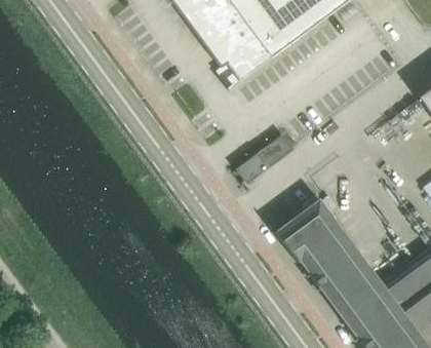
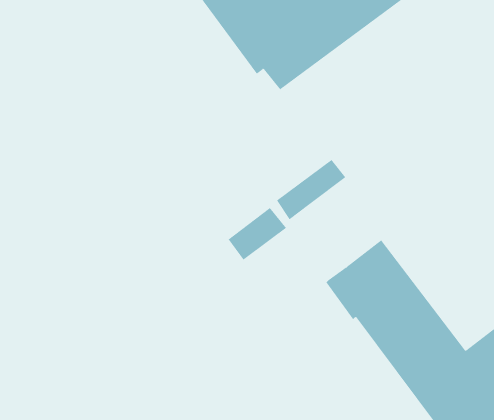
building: none -> [228,207,287,261]

